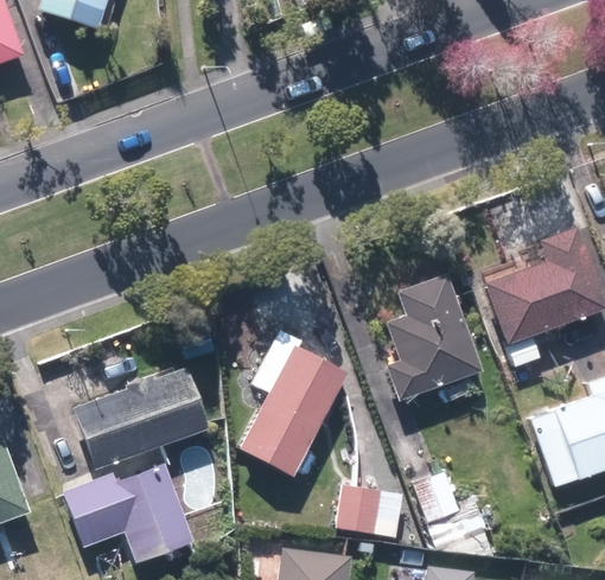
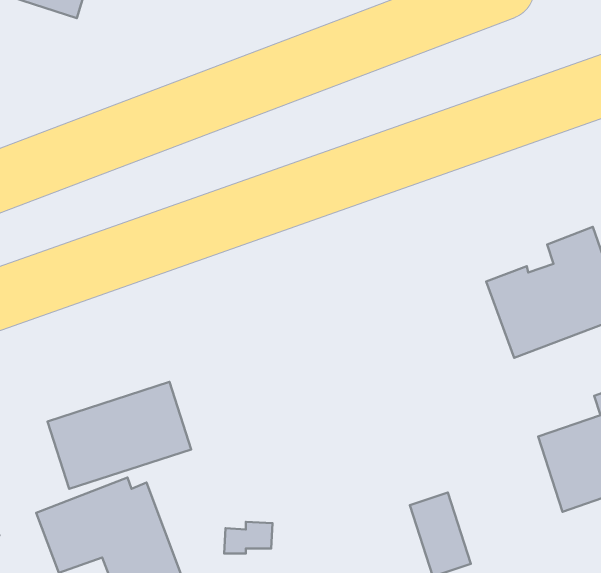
building: [384,273,486,403] -> none
building: [238,329,345,474] -> none
building: [336,485,406,536] -> none

